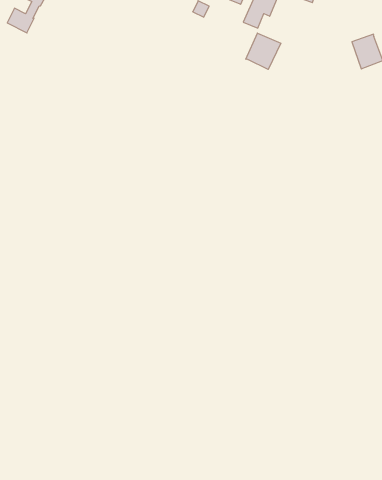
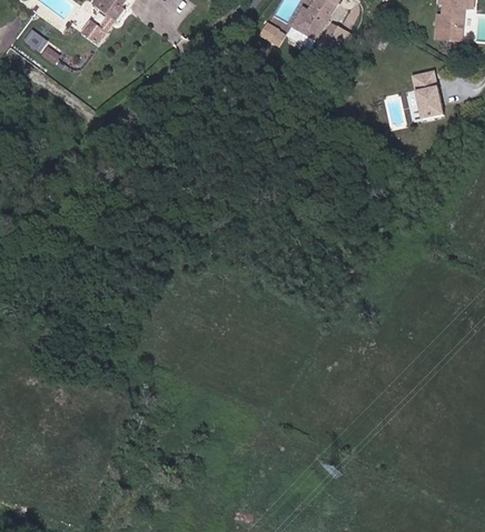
building: [246,33,281,69] -> none

